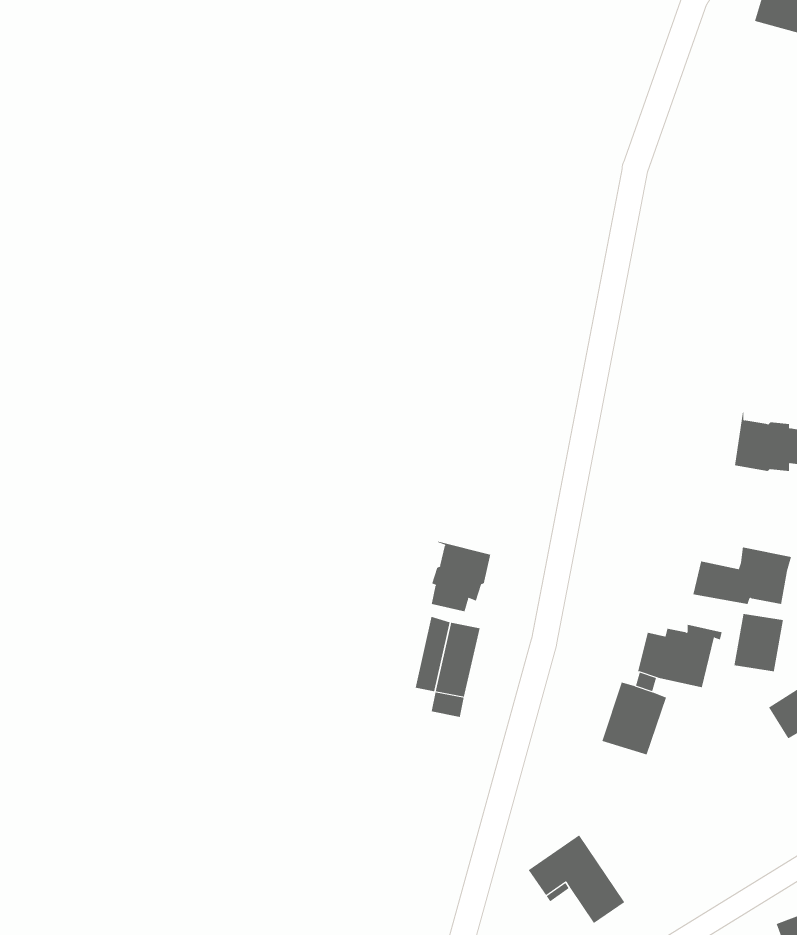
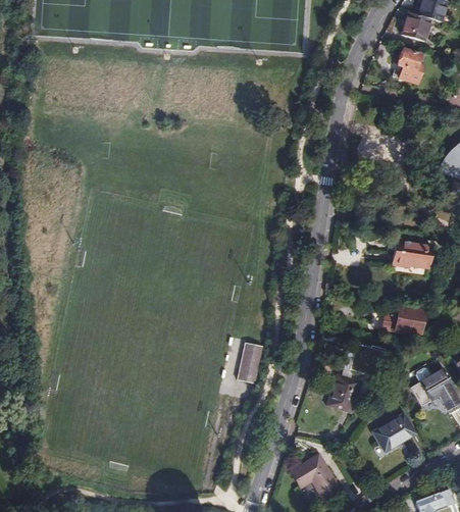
building: none -> [402,49,421,81]
building: [431,541,491,612] -> none
building: [734,613,784,672] -> none
building: none -> [372,412,414,451]

